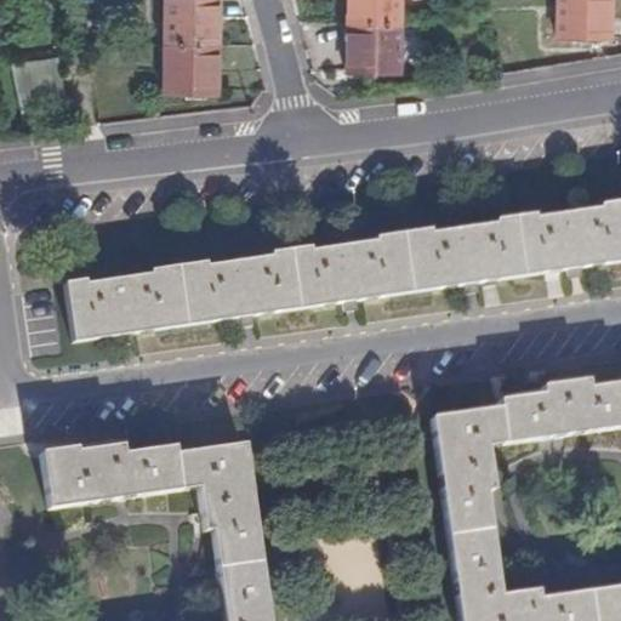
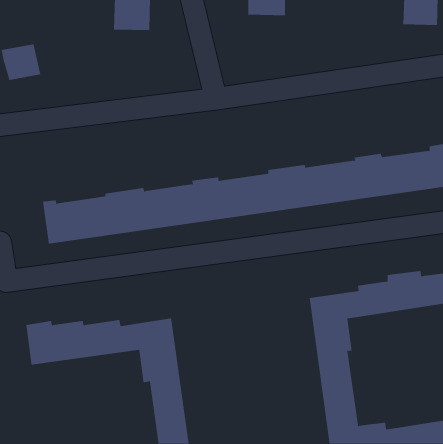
building: [349,21,403,72] -> none
building: [163,41,215,89] -> none

